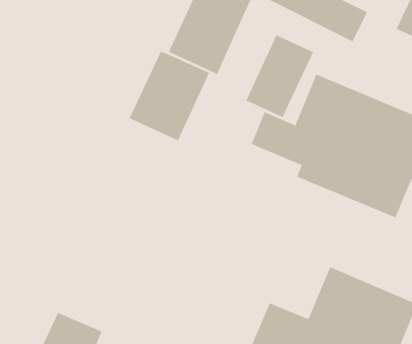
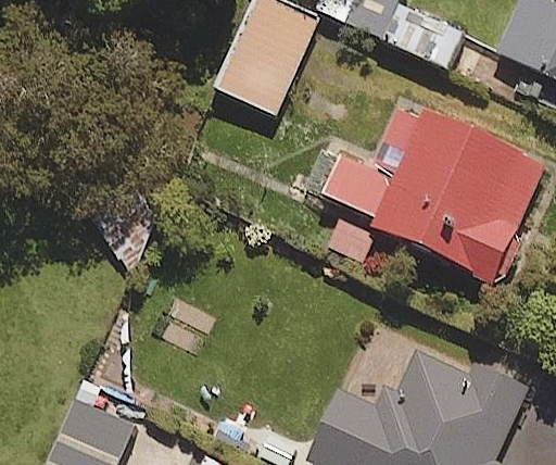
building: [246,34,314,118] -> none
building: [129,50,210,141] -> none

